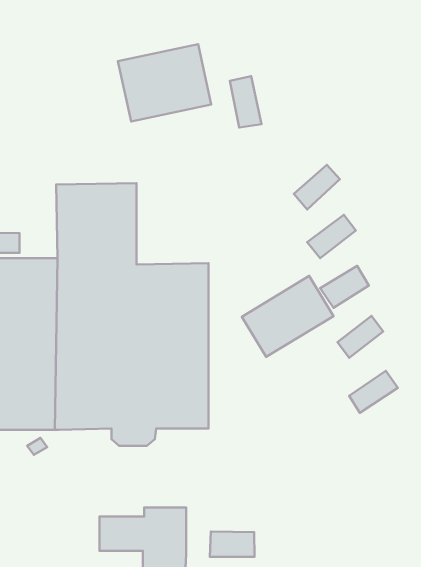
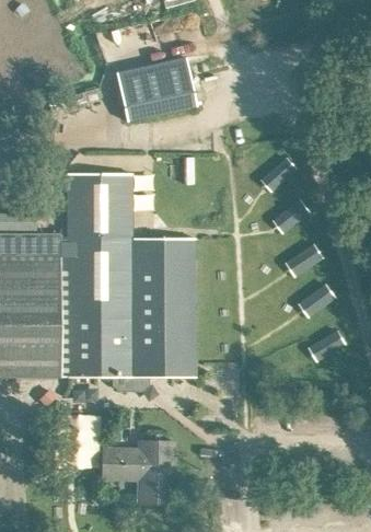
building: [230,76,262,128] -> none
building: [242,276,333,357] -> none
building: [210,532,254,557] -> none

